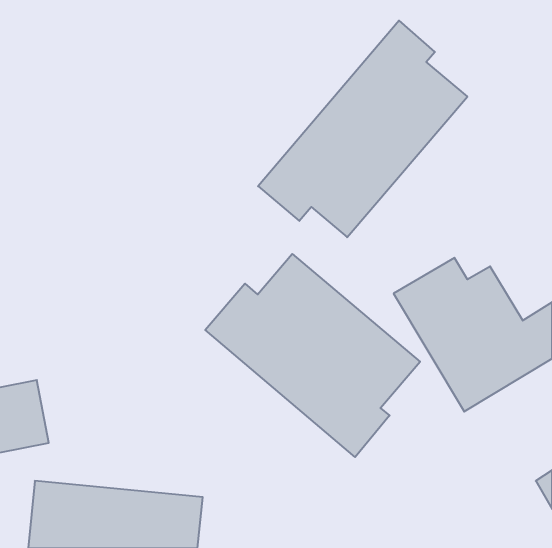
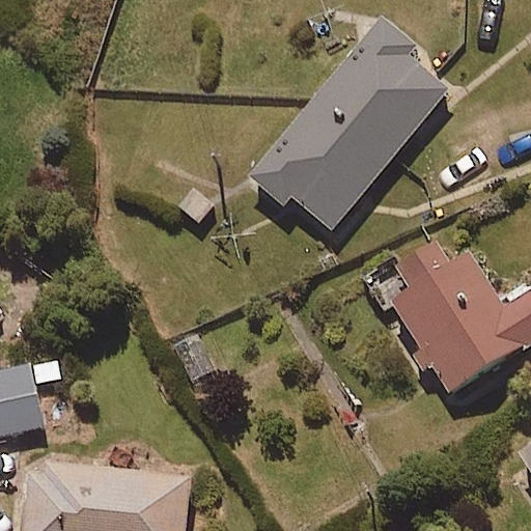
building: [205,254,420,457] -> none

